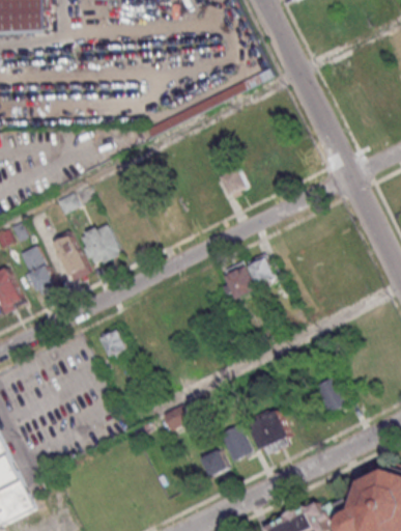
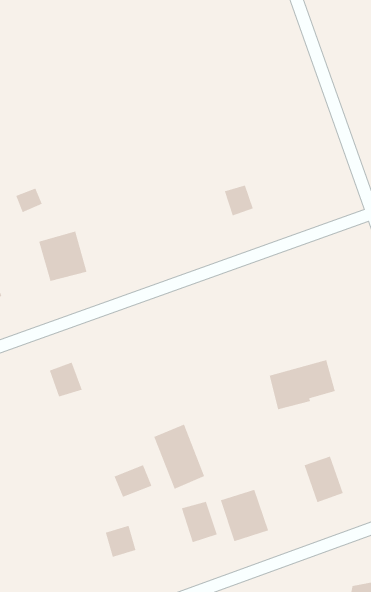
building: [54,233,90,280] -> none
building: [224,253,279,299] -> [269,359,336,410]
building: none -> [153,423,205,490]
building: [202,448,229,476] -> [105,525,136,558]

